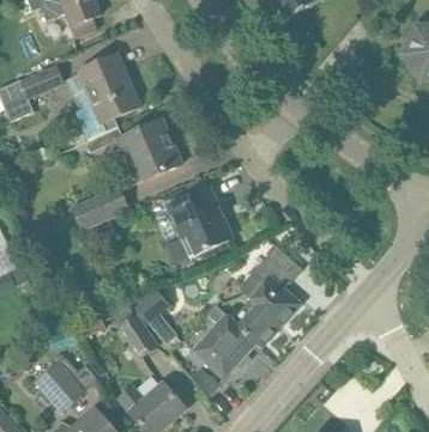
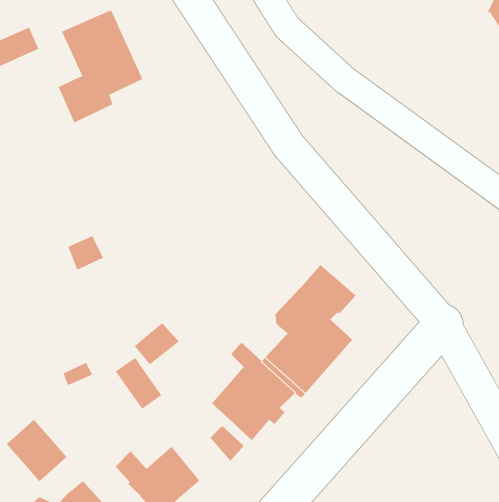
building: [85,118,183,183] -> none
building: [71,185,128,231] -> none
building: [169,185,235,256] -> none

